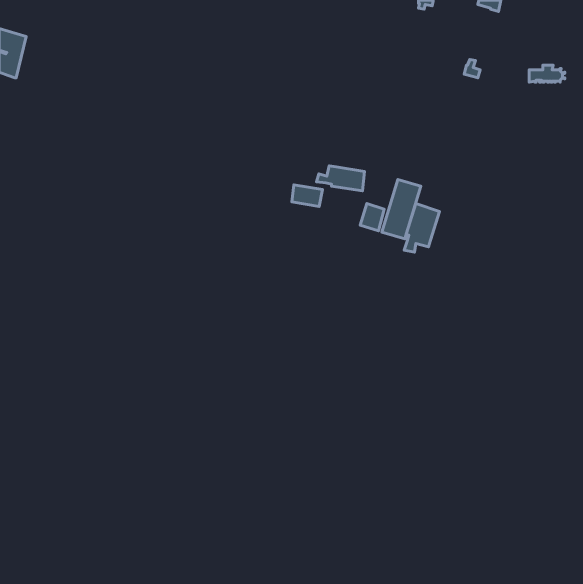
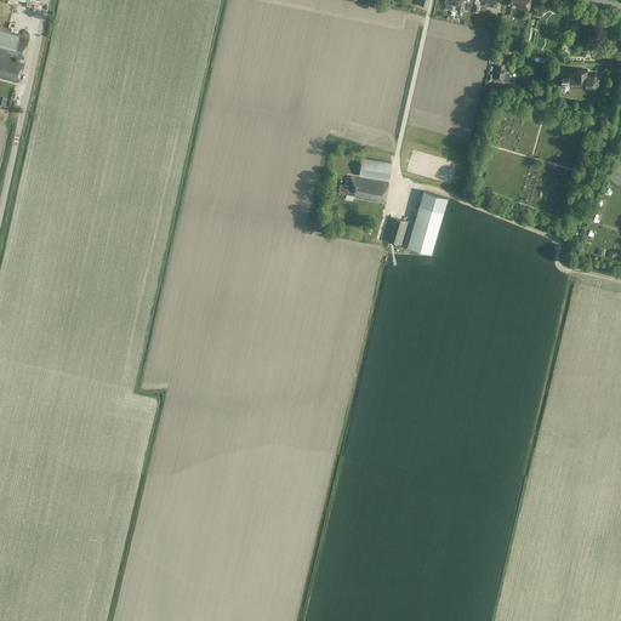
building: [292,185,323,207] -> [358,158,391,181]
building: [404,203,439,252] -> none

